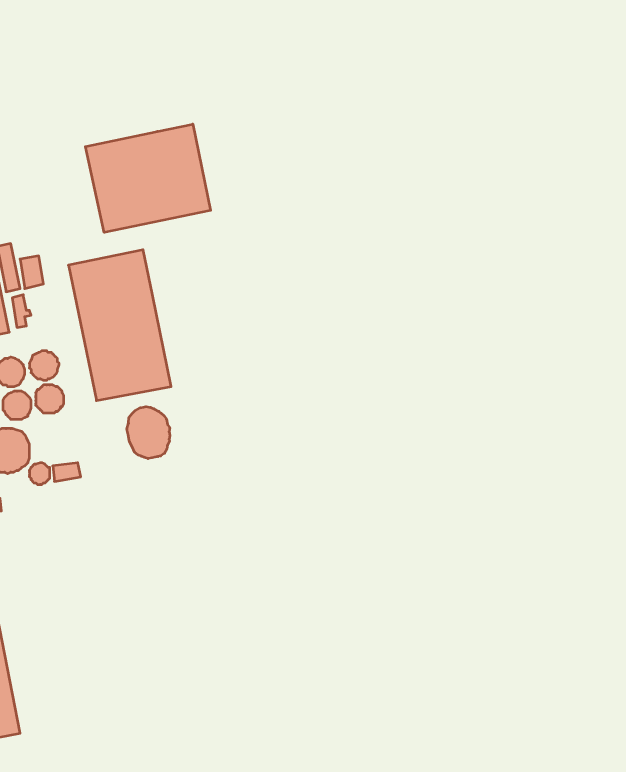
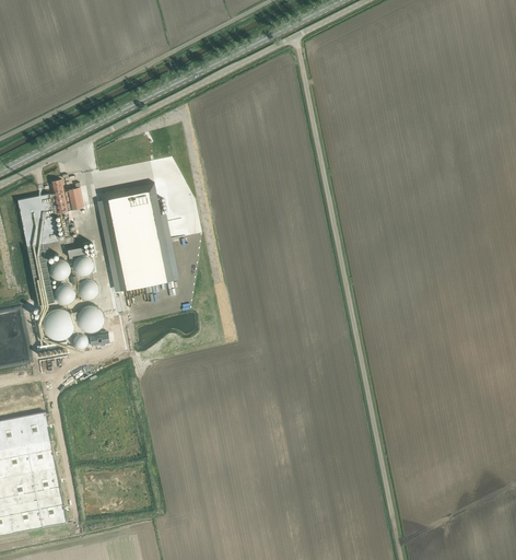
building: [85,124,211,232] -> none
building: [127,407,170,459] -> none
building: none -> [77,304,103,331]

